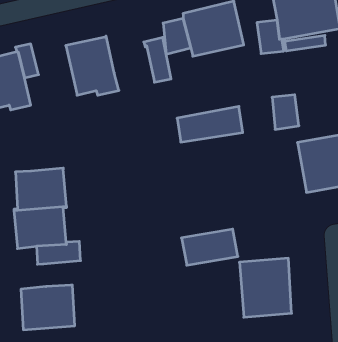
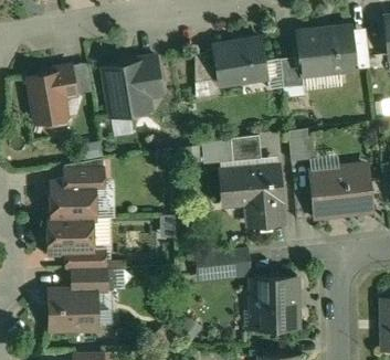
building: [144,37,171,82] -> [139,56,162,97]
building: none -> [221,166,283,223]
building: none -> [64,159,104,183]
building: none -> [72,268,108,290]

